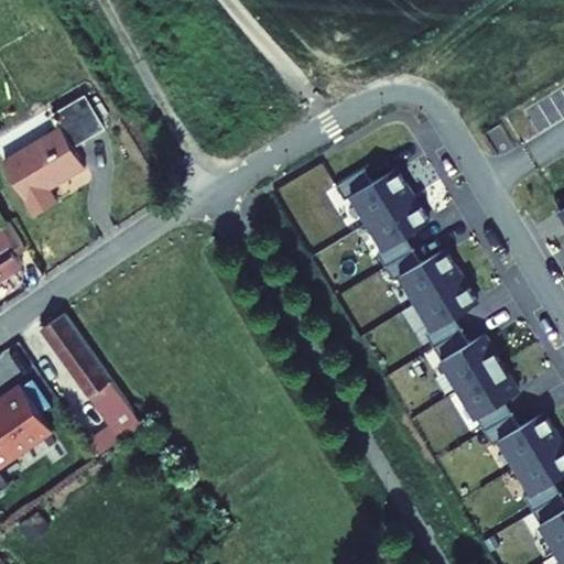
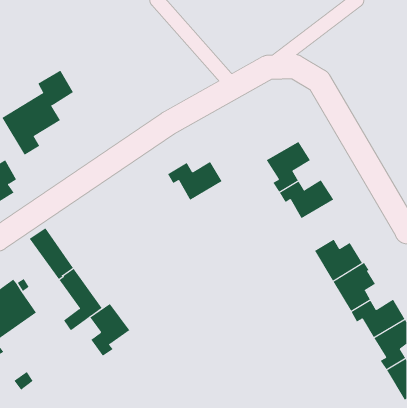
building: [335,169,411,223] -> [167,161,223,201]
building: [414,276,476,347] -> none
building: none -> [89,303,130,356]

